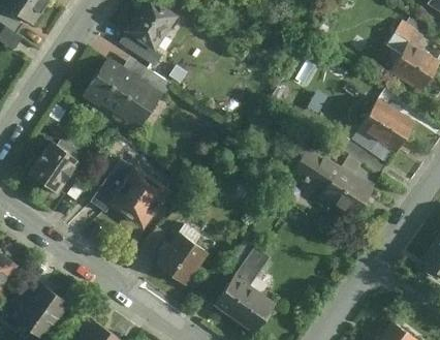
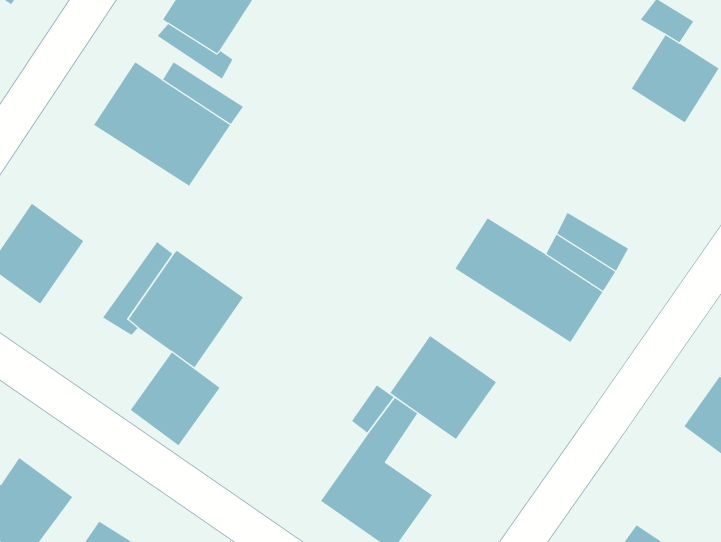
building: [357,97,415,152] -> none
building: none -> [389,335,497,440]
building: [155,231,207,285] -> [130,352,221,446]

